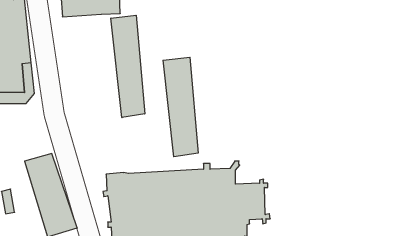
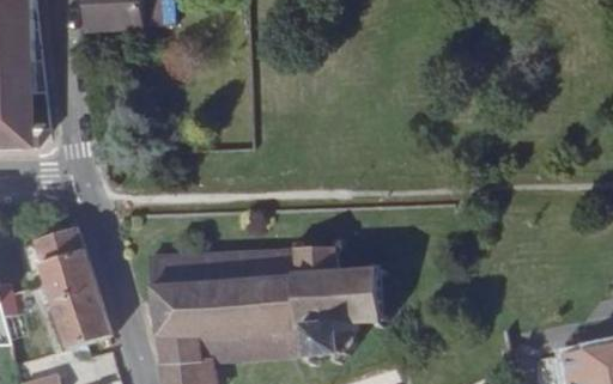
building: [111,15,145,118] -> none
building: [163,57,198,157] -> none

